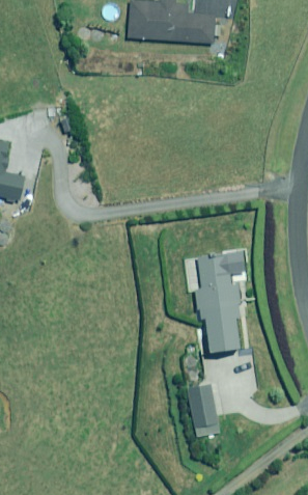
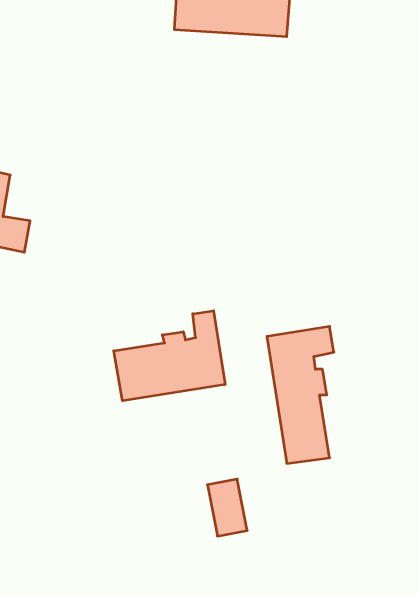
building: none -> [114,311,225,401]
building: [189,385,218,427] -> [207,479,247,536]

